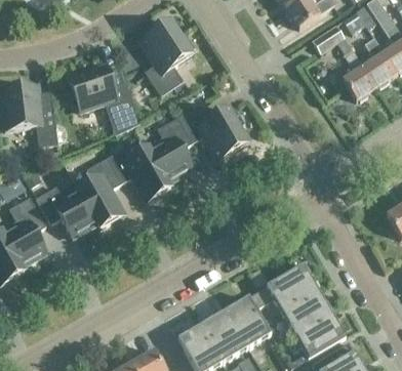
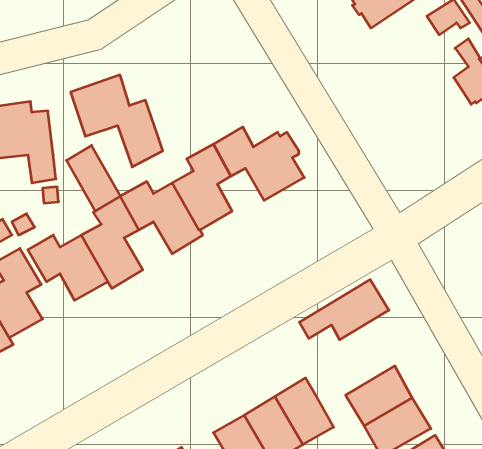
building: [140,20,195,94] -> none
building: [313,26,376,99] -> none
building: none -> [66,145,121,211]
building: [249,263,318,310] -> [299,280,389,340]

